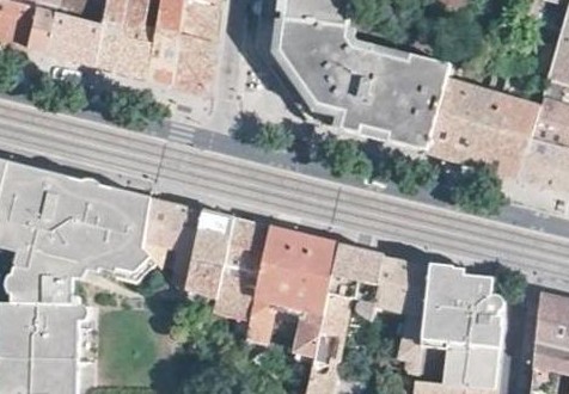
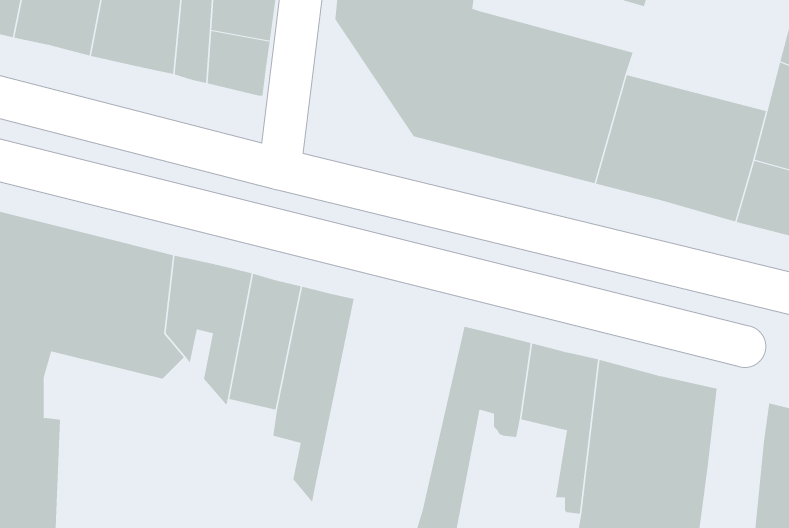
building: [245,226,342,364] -> none

